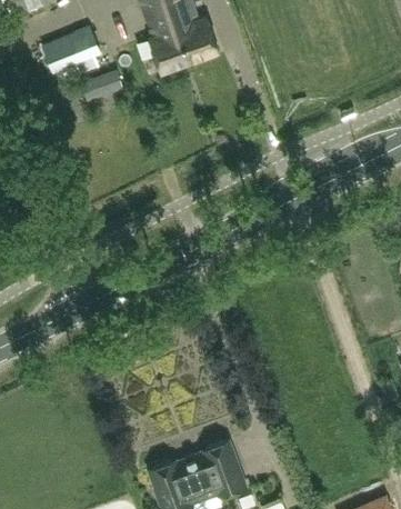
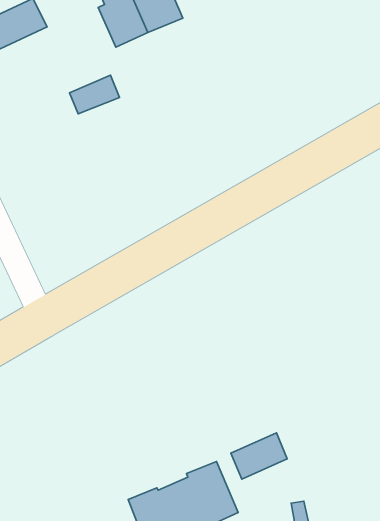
building: [80,68,123,100] -> [69,75,119,114]
building: none -> [231,433,287,479]

